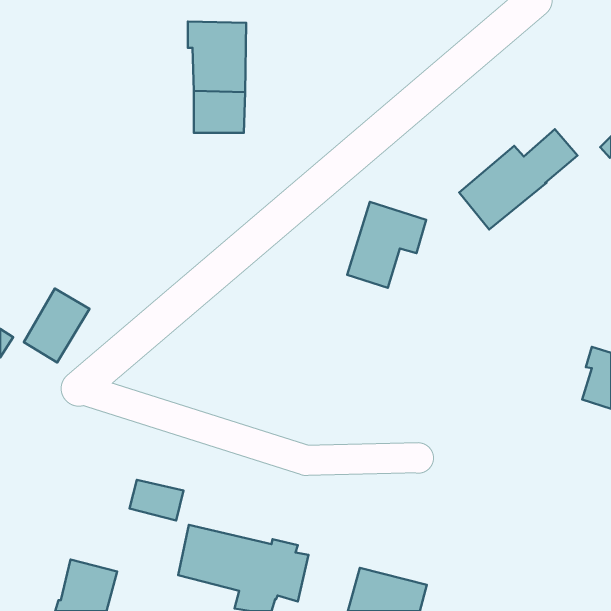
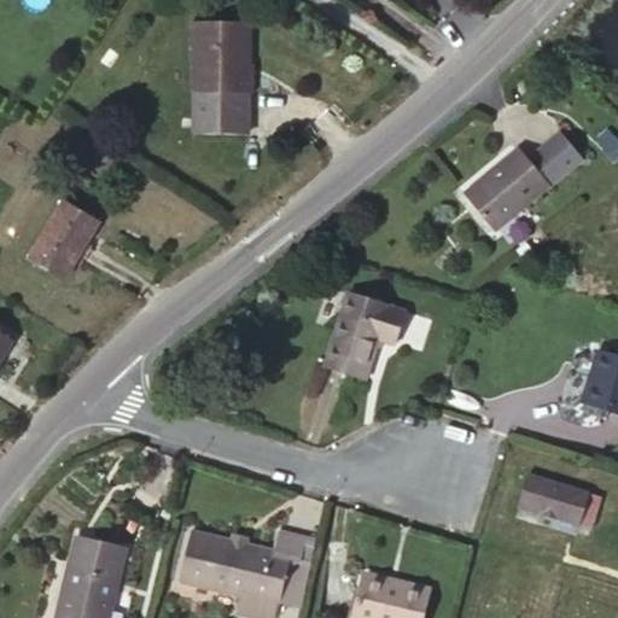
building: [347,202,426,288] -> [325,292,404,379]
building: [24,288,89,363] -> [31,202,98,276]
building: none -> [517,473,600,529]
building: [130,480,183,520] -> [71,536,126,577]

